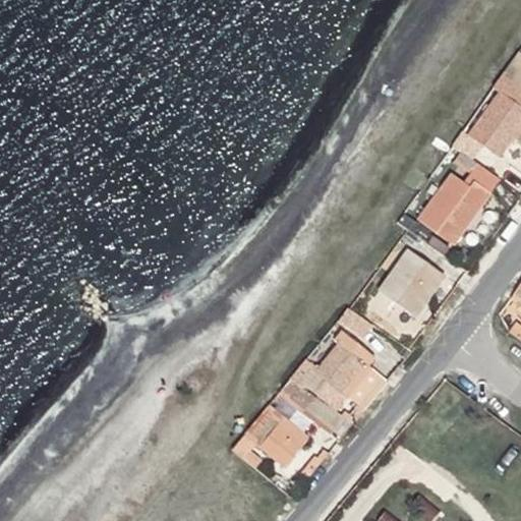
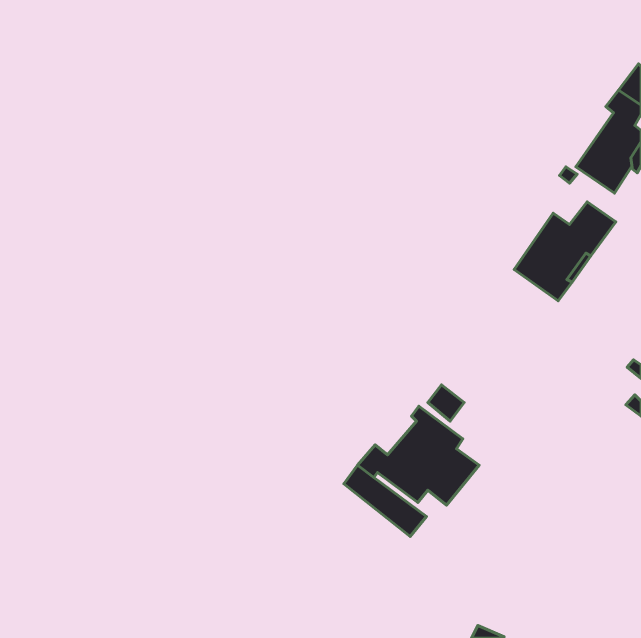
building: [384,250,447,316] -> none
building: [232,403,309,469] -> none

